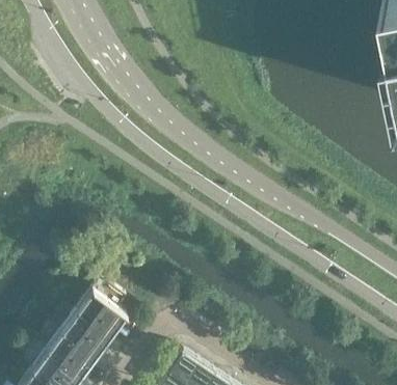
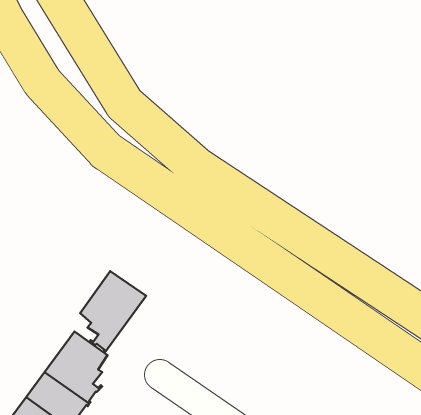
building: none -> [80,271,146,352]

